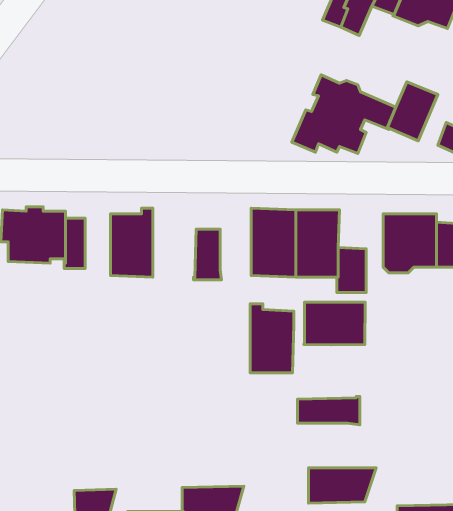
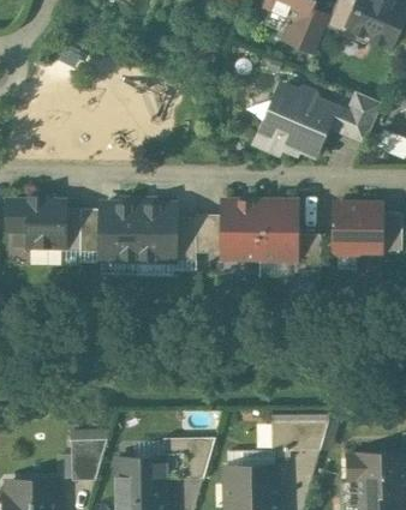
building: none -> [79,209,101,252]
building: none -> [193,215,221,253]
building: [304,302,365,345] -> none
building: [250,304,294,373] -> [137,200,174,259]
building: [297,396,360,425] -> none

